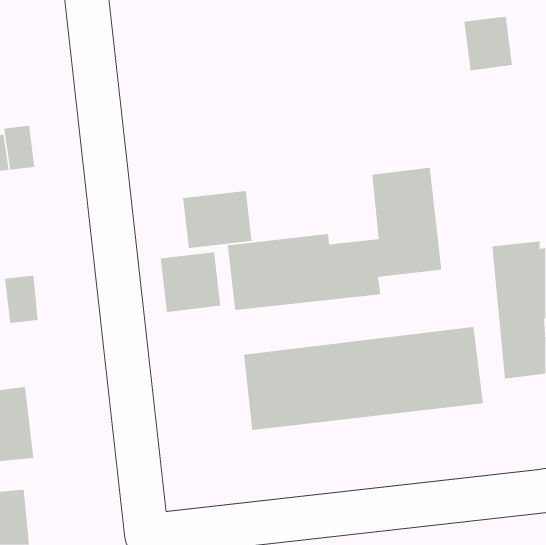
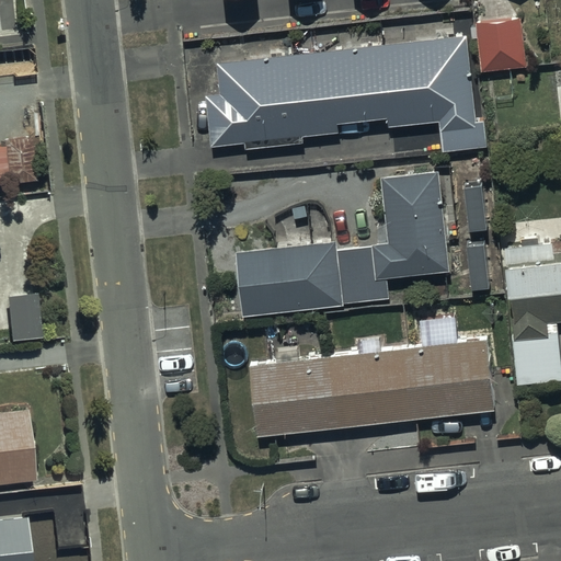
building: none -> [206,34,492,156]
building: [182,190,252,249] -> none
building: [160,251,221,313] -> none

